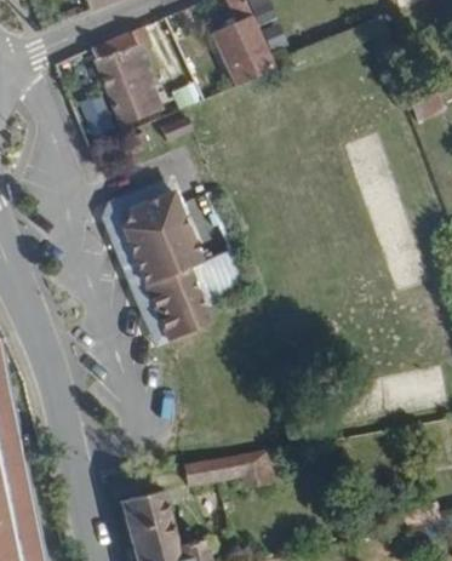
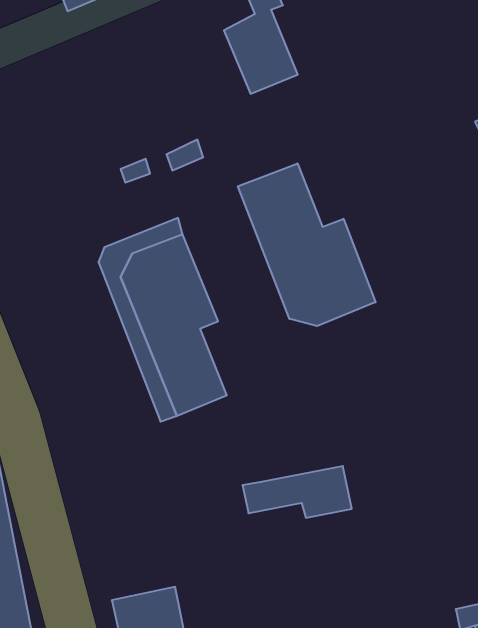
building: [82,23,155,132] -> none
building: none -> [238,163,376,326]
building: [191,446,281,488] -> [242,466,352,518]

